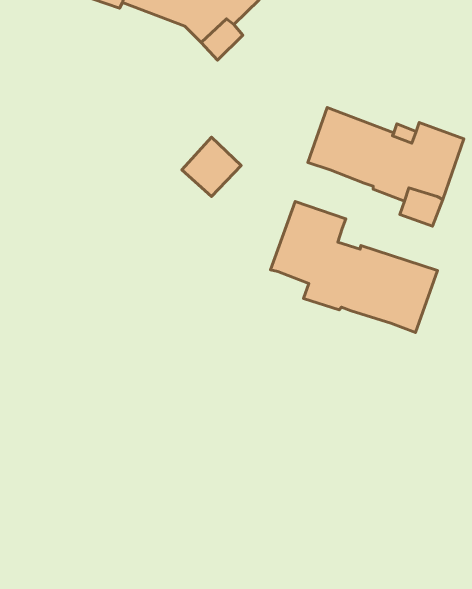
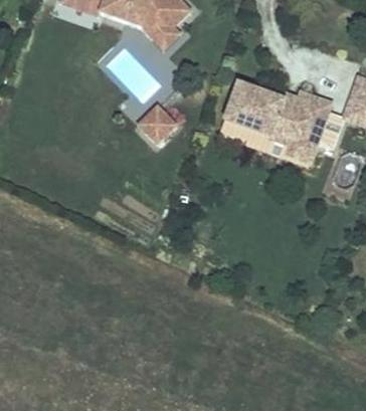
building: [271,202,437,332] -> none

